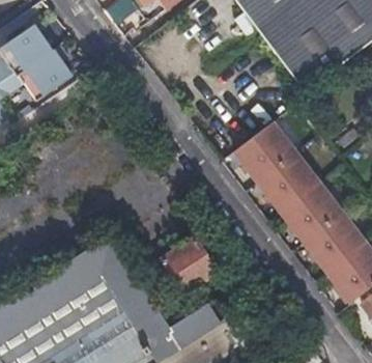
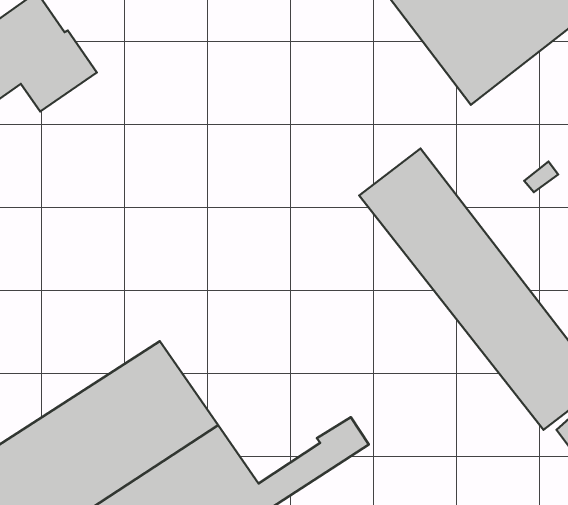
building: [160,239,216,296] -> none

